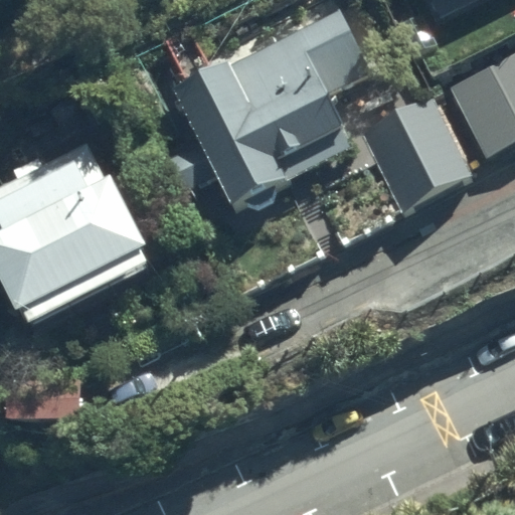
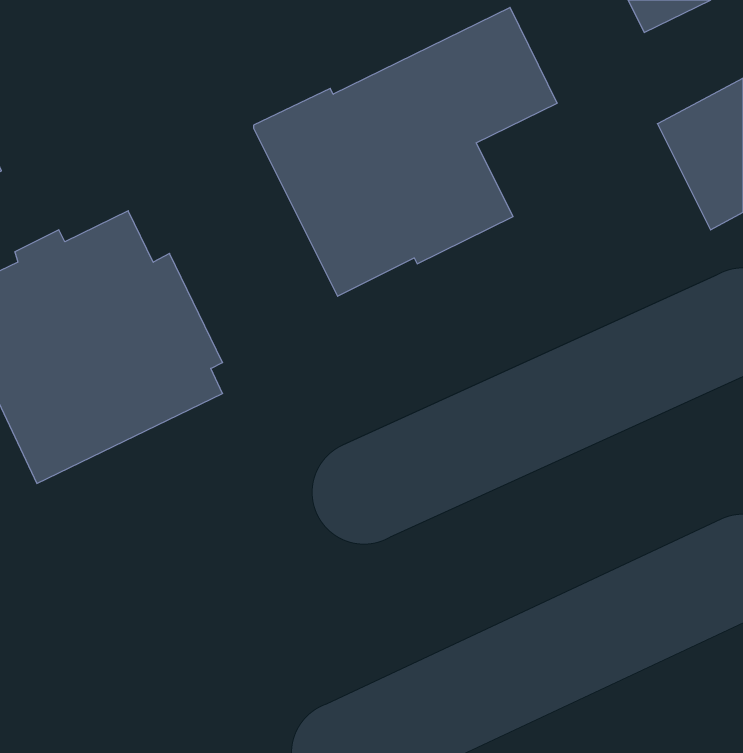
building: [357,98,469,218] -> none

